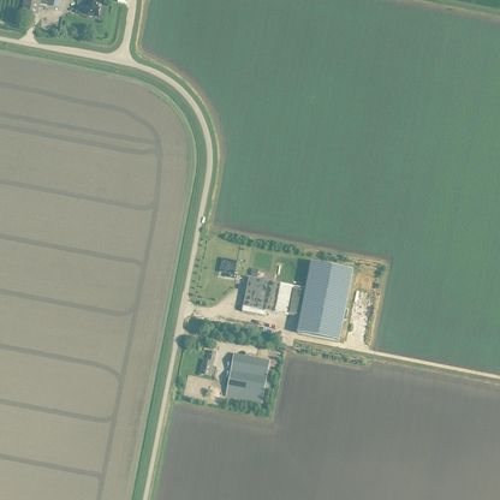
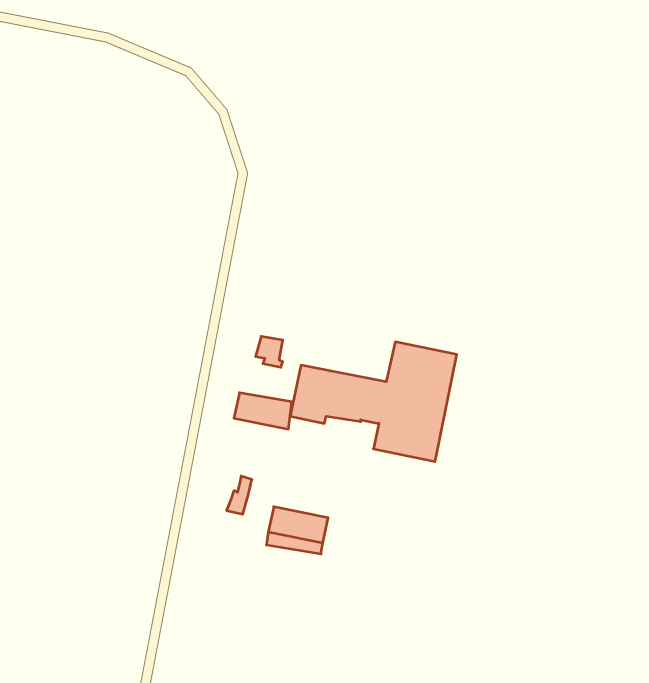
building: [230,352,268,376] -> [234,393,292,429]

